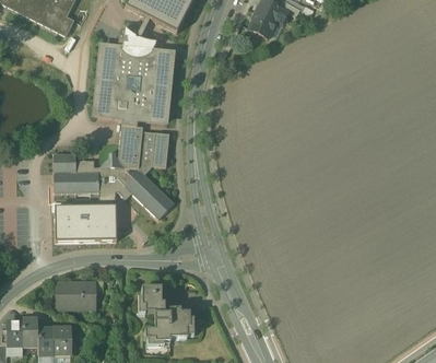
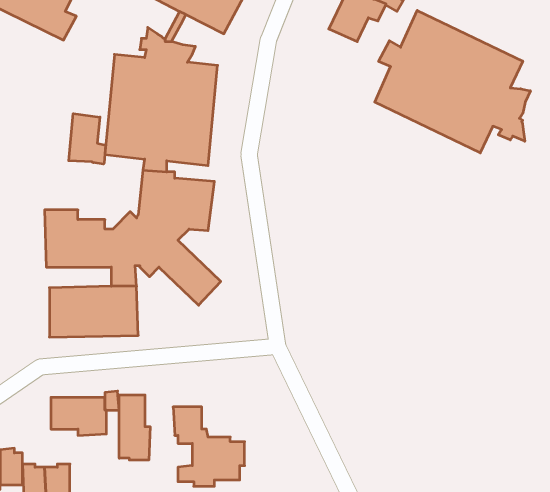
building: none -> [375,10,530,153]
building: none -> [69,114,106,164]
building: none -> [119,395,150,460]

